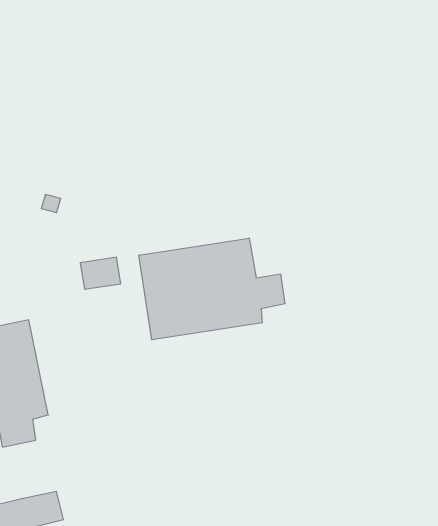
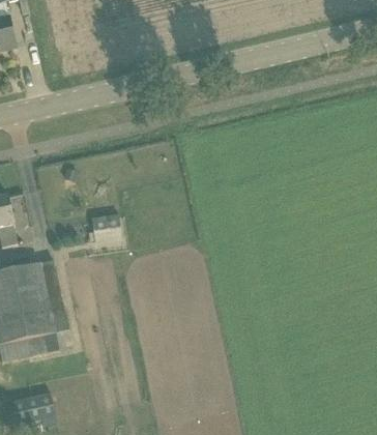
building: [139,238,285,340] -> none

